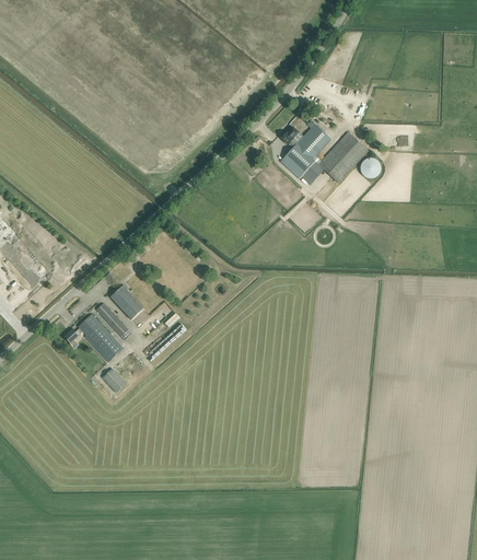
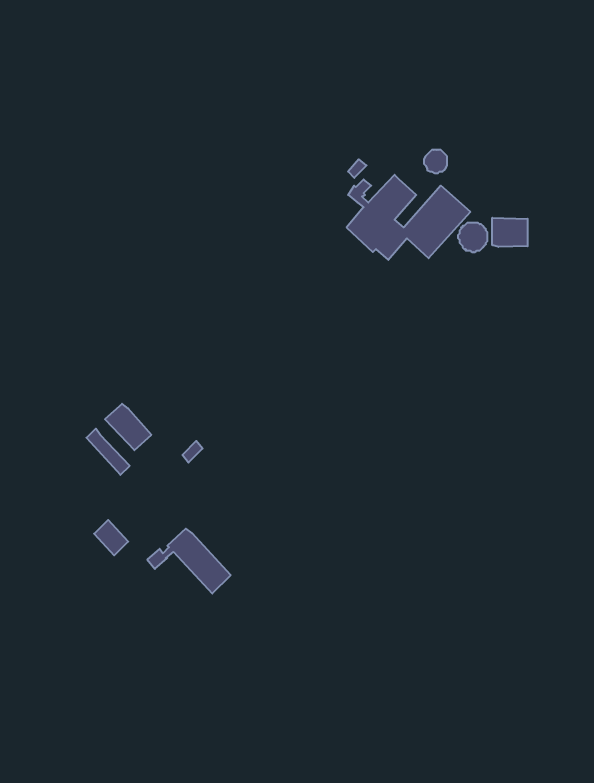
building: none -> [492,218,528,247]
building: [63,314,123,360] -> [147,529,231,594]

